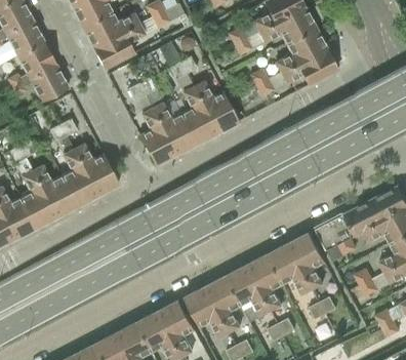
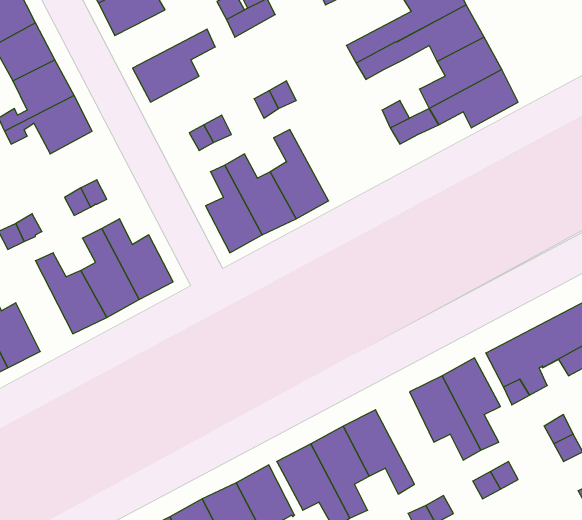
building: [82,10,140,47] -> none
building: [193,79,239,131] -> none
building: [19,169,55,227] -> none
building: [247,252,284,311] -> none

